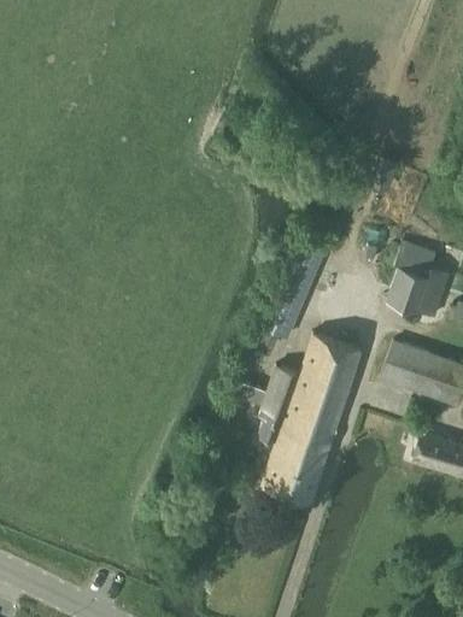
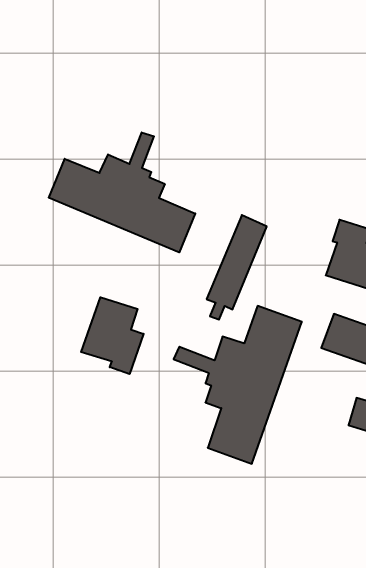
building: none -> [49,132,195,252]
building: none -> [81,297,144,374]

